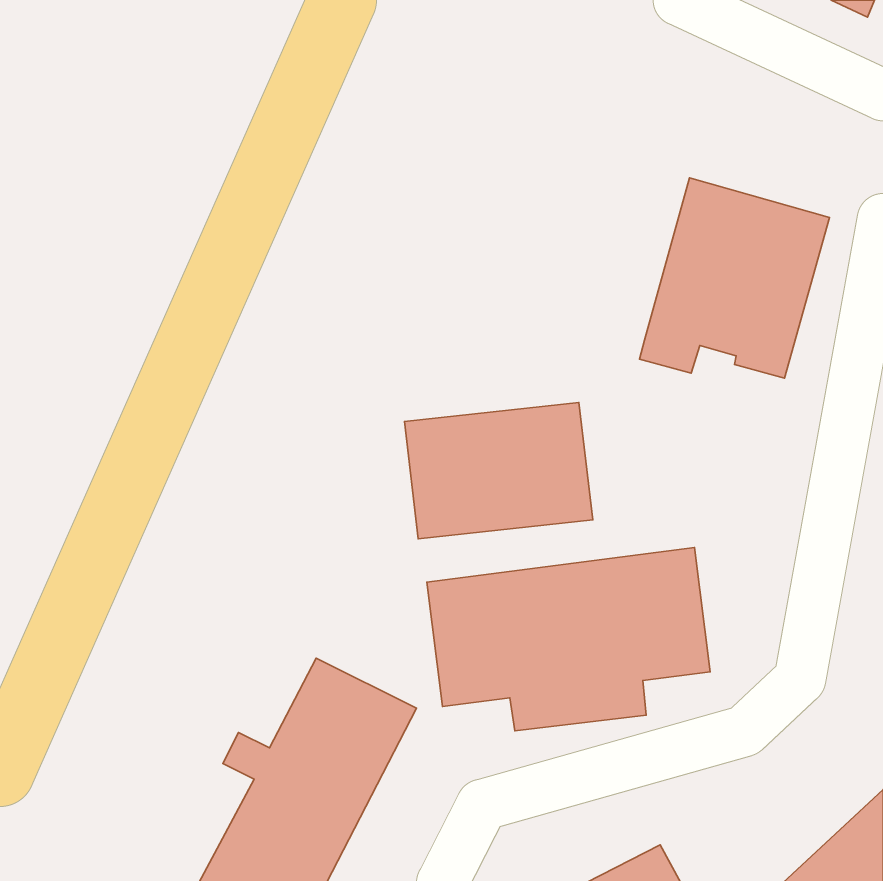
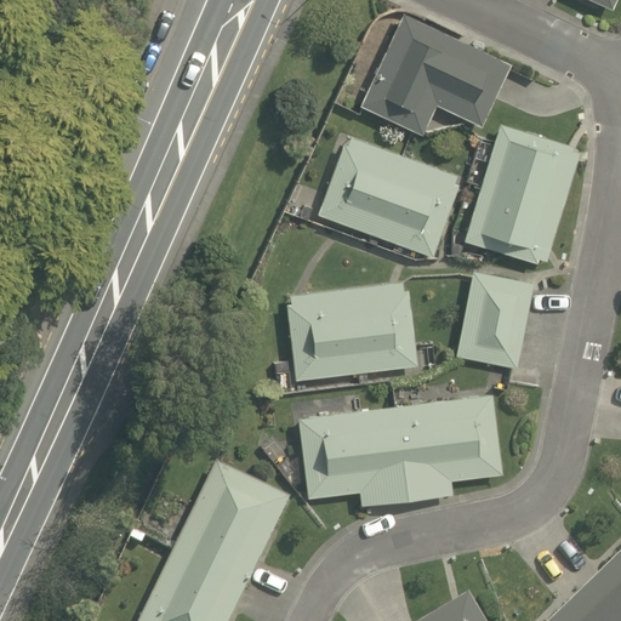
building: none -> [354,10,507,139]
building: none -> [312,136,466,260]
building: none -> [451,272,537,376]

